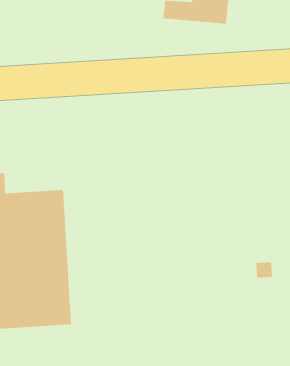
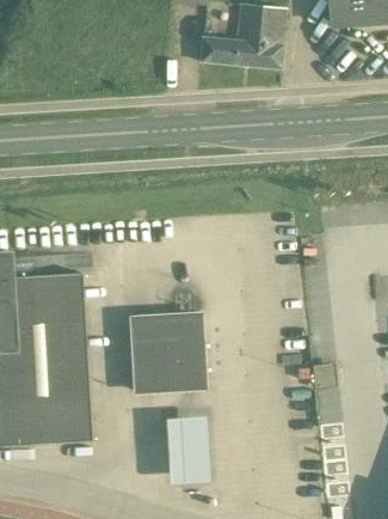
building: none -> [128,312,205,393]
building: none -> [164,416,207,482]

